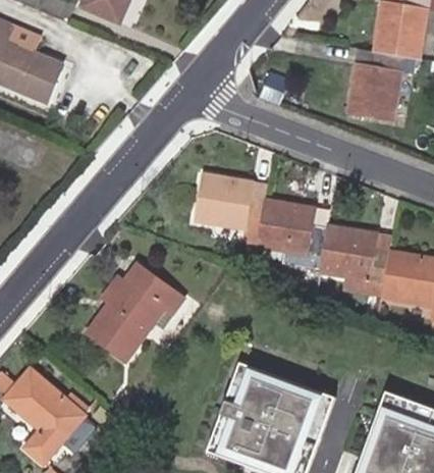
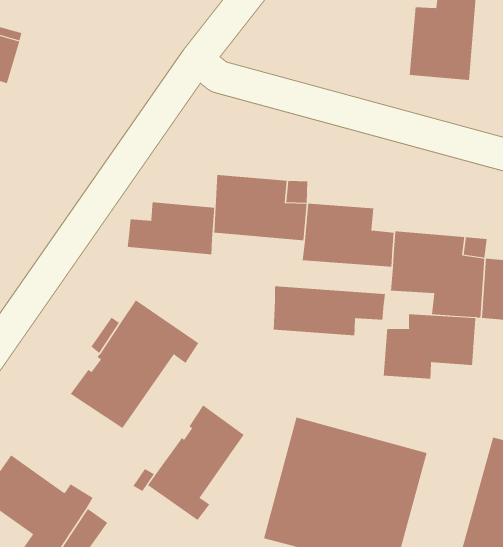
building: none -> [127,201,215,255]
building: none -> [273,285,385,336]
building: none -> [383,313,476,380]
building: none -> [147,405,244,521]

